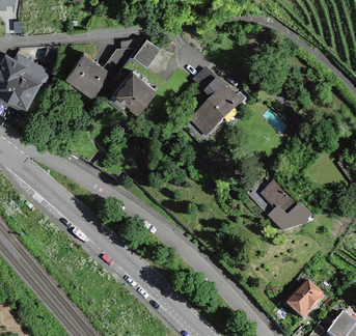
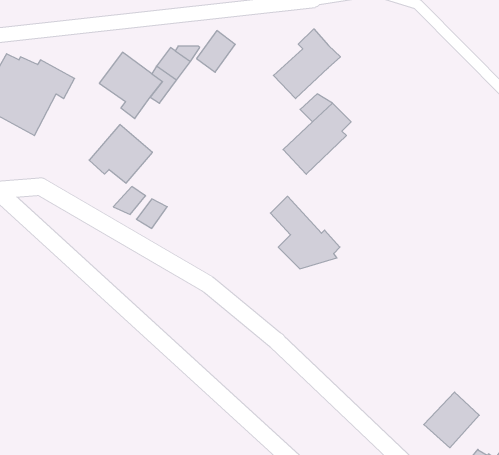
building: none -> [273,29,340,99]
building: [112,69,155,109] -> [89,125,152,183]
building: [263,180,309,229] -> [270,196,340,269]

